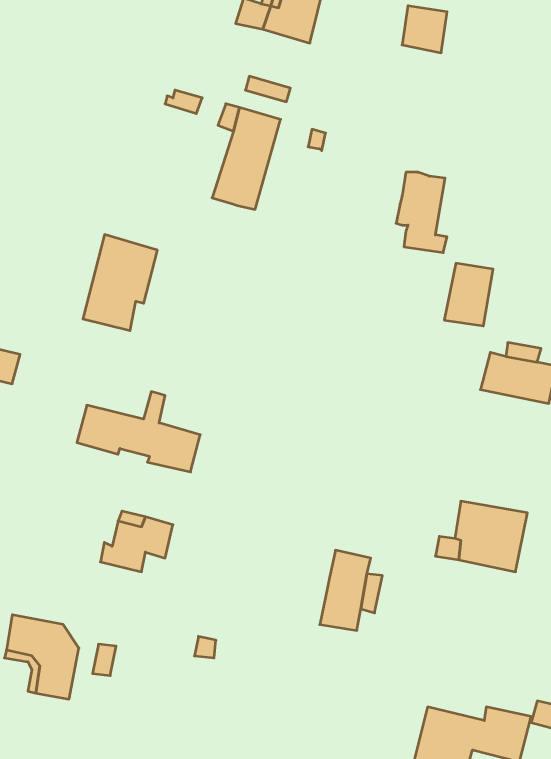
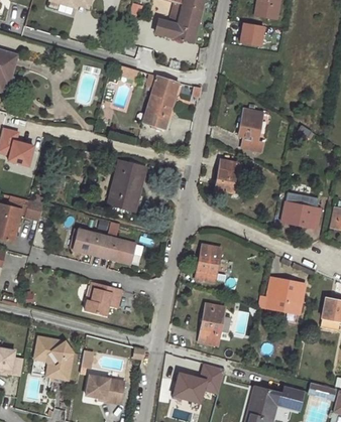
building: [83,235,157,331] -> [107,160,145,209]
building: [444,263,493,326] -> [214,159,239,191]
building: none -> [195,244,220,282]
building: none -> [172,364,224,402]
building: none -> [86,375,125,404]

